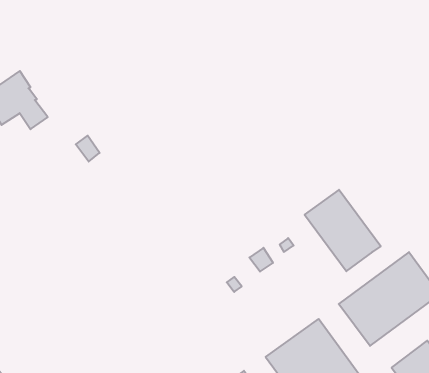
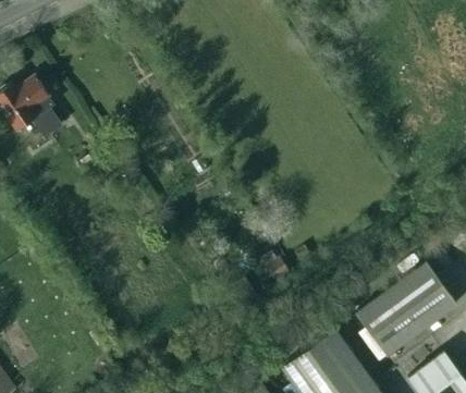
building: [305,190,381,271] -> none

